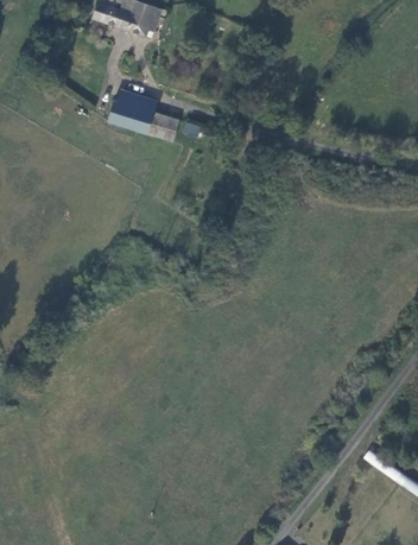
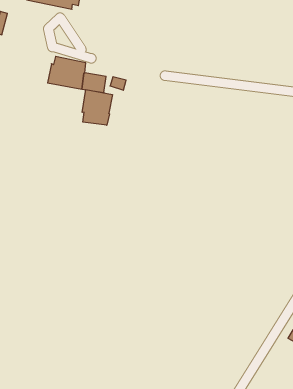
building: none -> [82,90,112,125]

